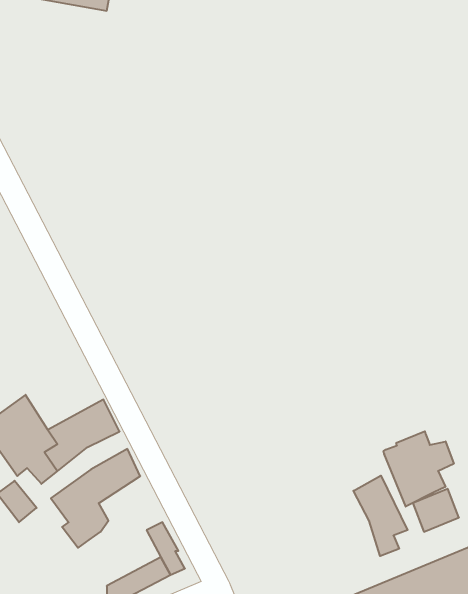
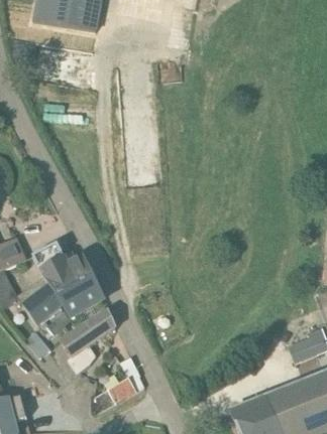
building: none -> [33,242,93,297]
building: [383,431,454,507] -> none
building: [353,476,408,556] -> none

